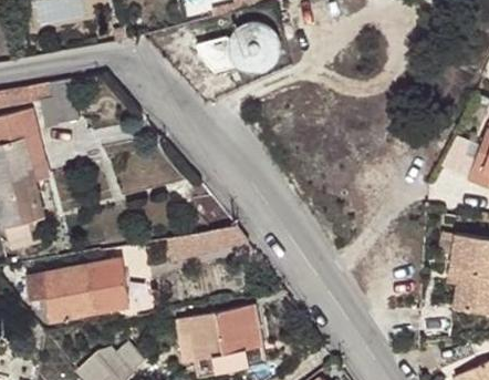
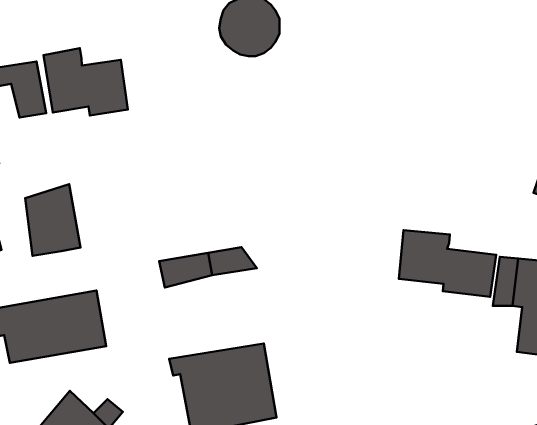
building: none -> [43,48,128,115]
building: none -> [25,184,80,256]
building: none -> [399,230,496,297]

